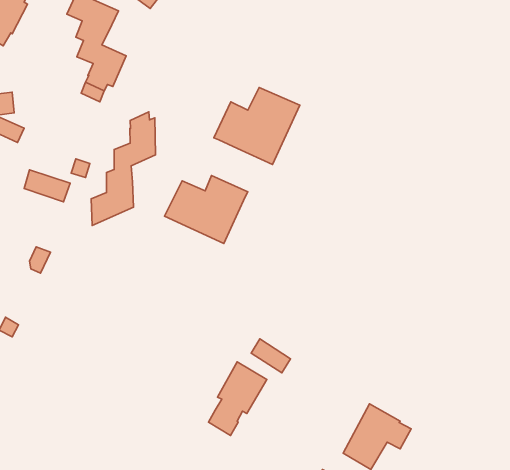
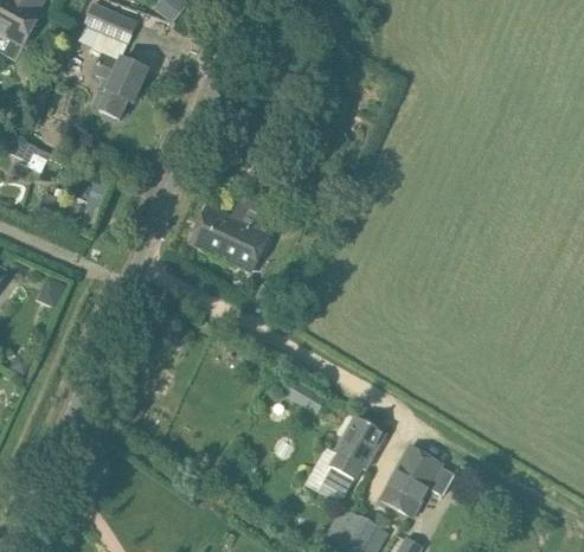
building: [214,88,300,165] -> none
building: [91,112,155,225] -> none
building: [209,362,267,435] -> [325,415,387,494]

